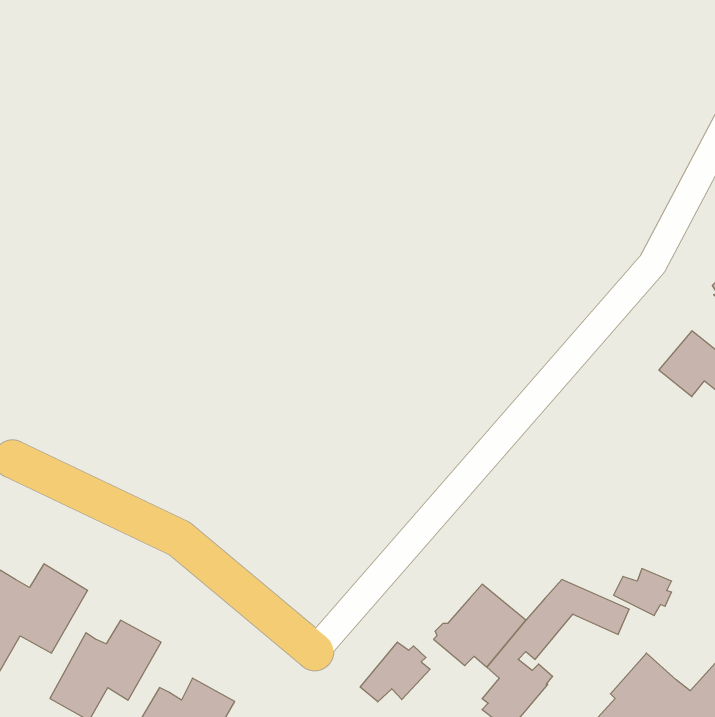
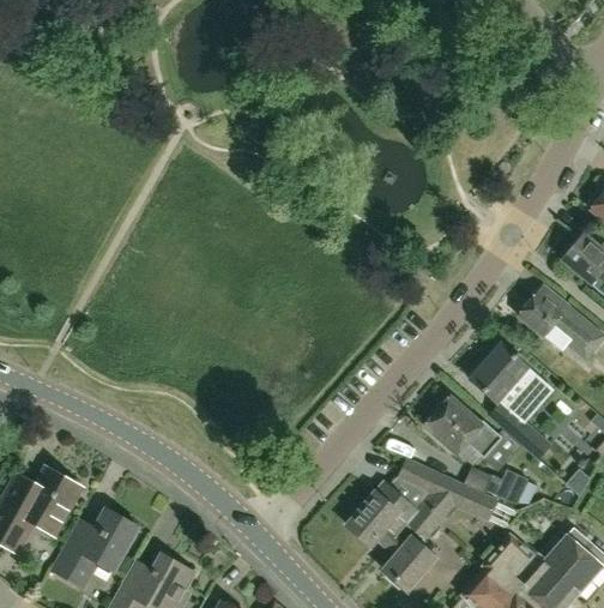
building: none -> [470,344,550,459]
building: none -> [429,401,503,465]
building: none -> [400,460,446,493]
building: [360,642,430,702] -> none

